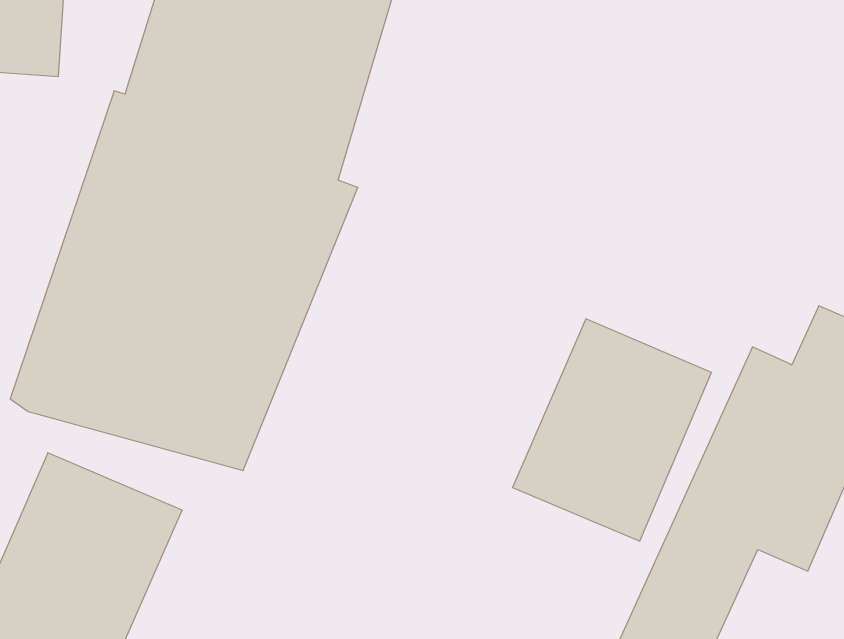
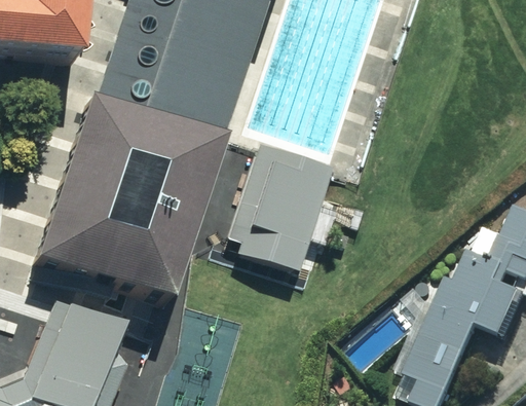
building: [512,319,711,541] -> [220,150,334,278]

